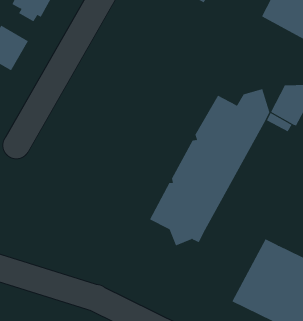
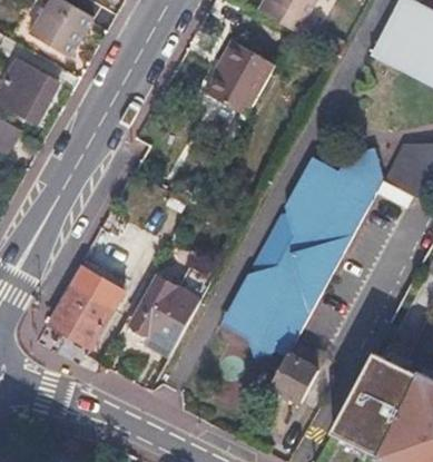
building: none -> [205,41,274,117]
building: none -> [50,269,122,348]
building: none -> [130,278,200,352]
building: none -> [268,342,323,404]

